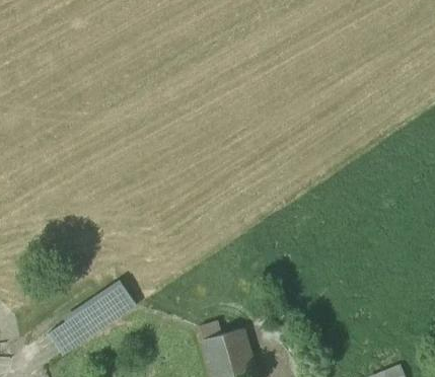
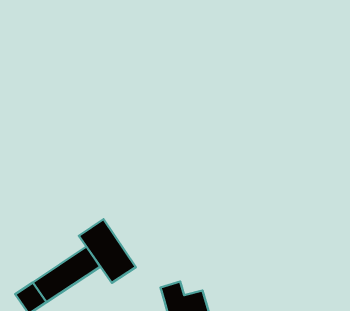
building: none -> [79,219,136,283]

